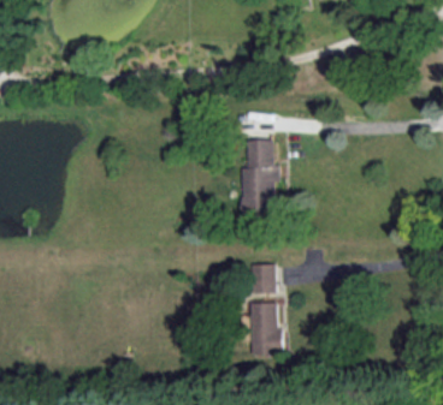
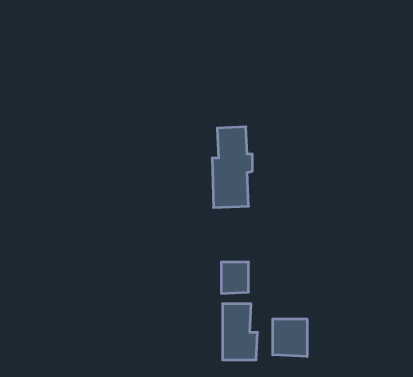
building: none -> [273,319,307,357]

